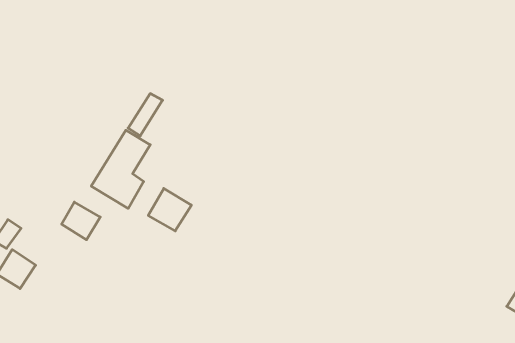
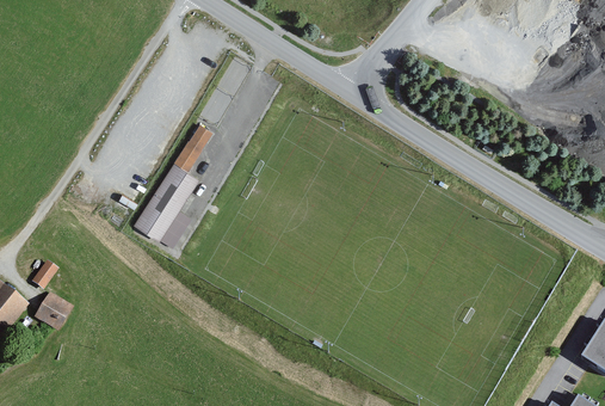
building: [148,188,191,231] -> none
building: [62,202,100,240] -> none

